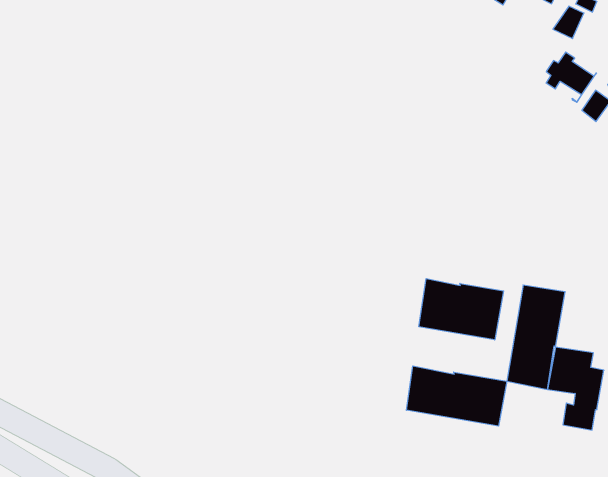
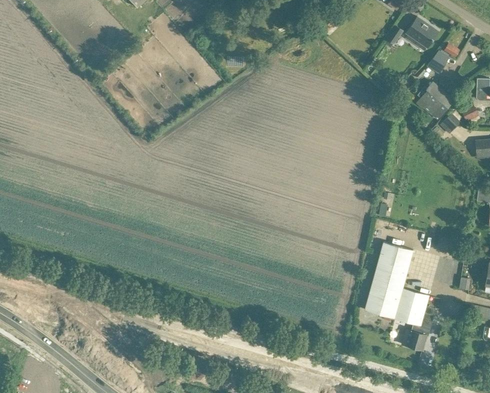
building: [419,279,504,340] -> none
building: [406,366,507,426] -> none

